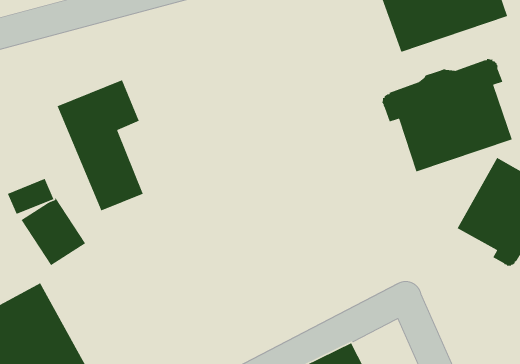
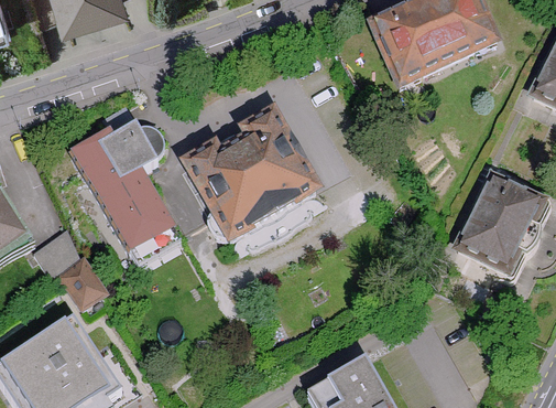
building: [382,58,513,172] -> none
building: none -> [182,120,325,248]

